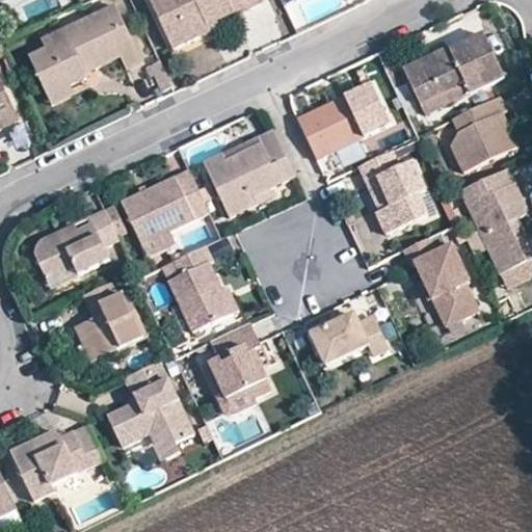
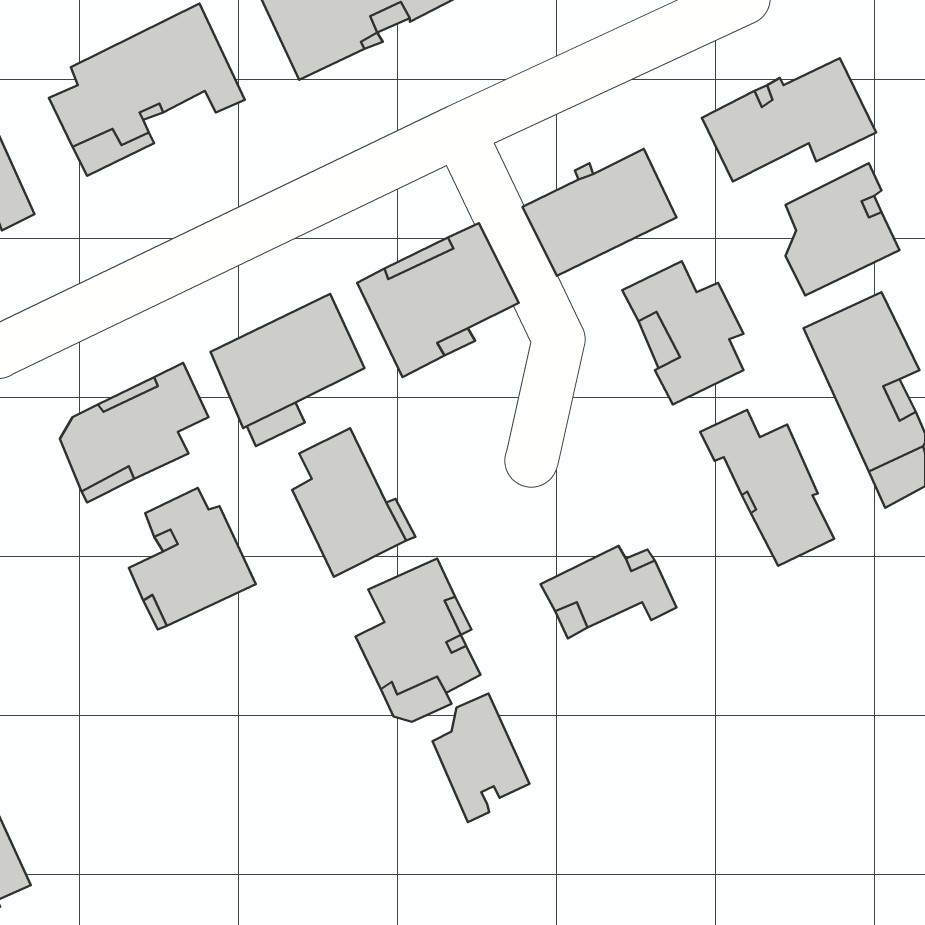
building: [107,360,193,461] -> none
building: none -> [432,694,530,822]
building: [10,423,106,500] -> none

